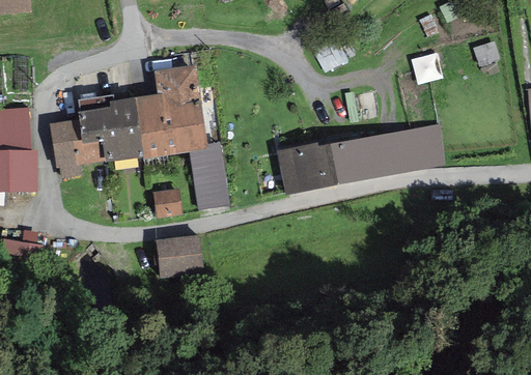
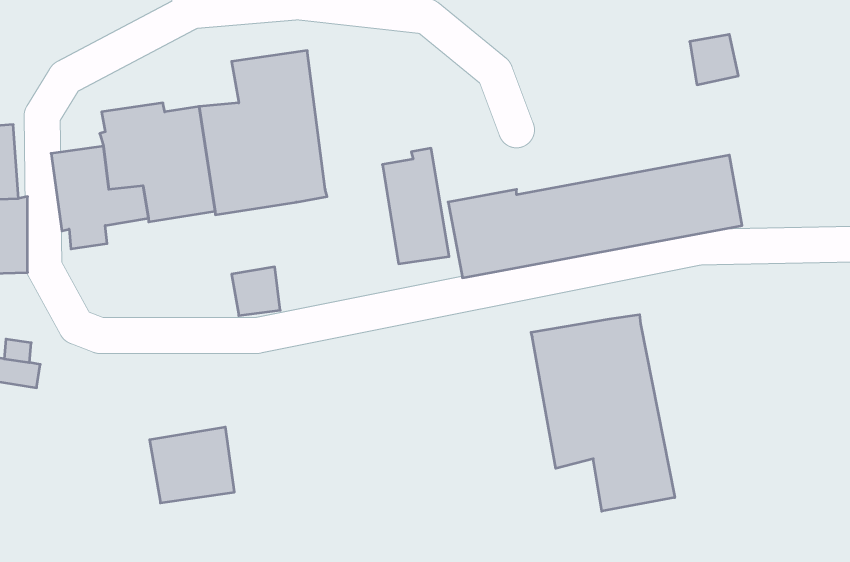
building: [190,142,228,208] -> [382,148,449,264]
building: none -> [531,315,675,511]
building: [155,234,203,278] -> [150,427,234,503]

